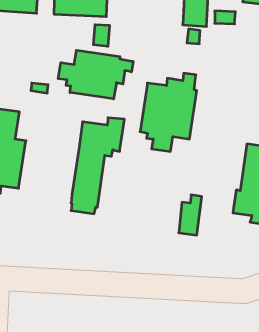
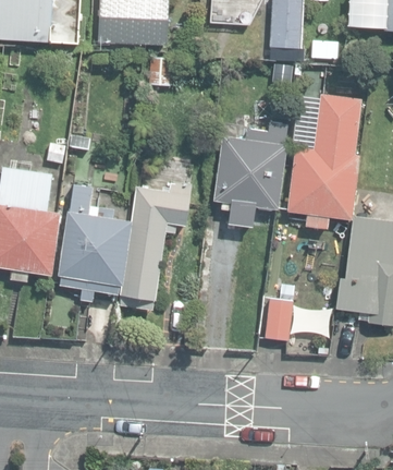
building: [58,50,133,99] -> none
building: none -> [286,94,361,228]
building: none -> [59,184,132,300]

